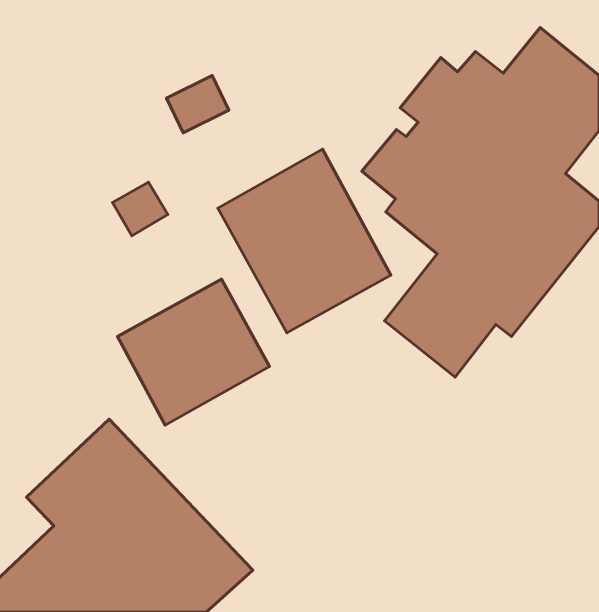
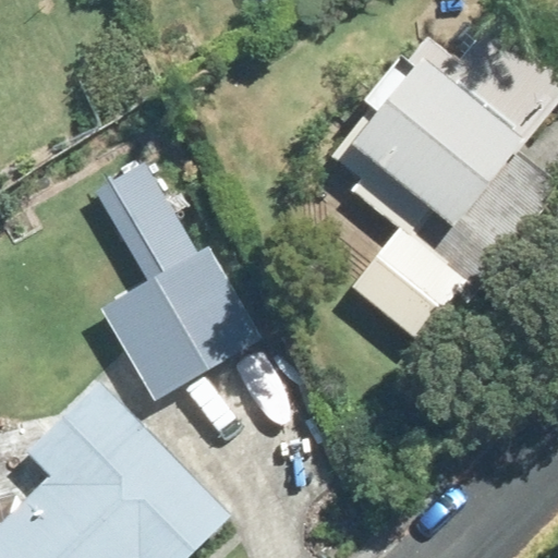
building: [218,149,391,333] -> none

